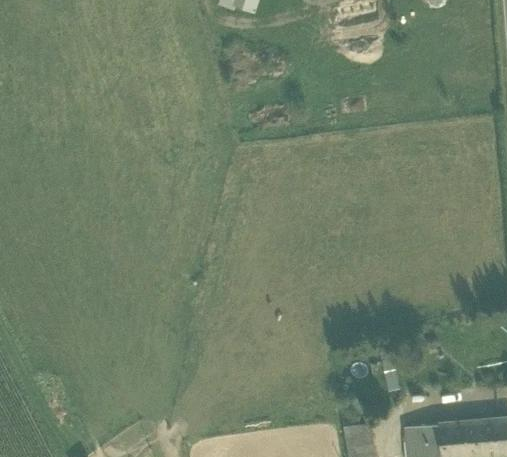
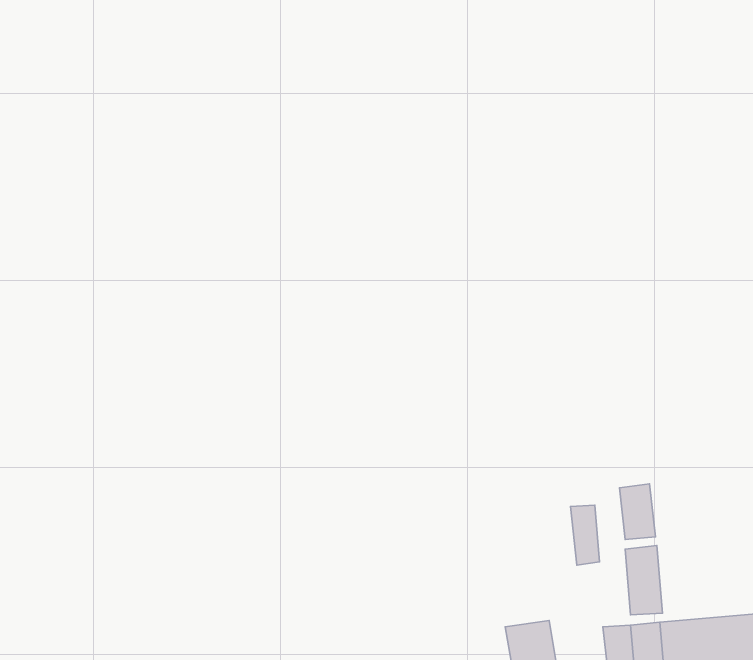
building: none -> [620,484,656,539]
building: none -> [625,546,662,615]

